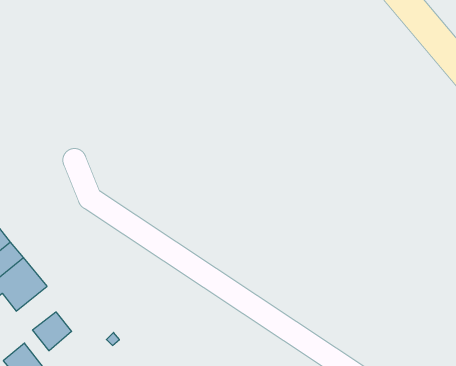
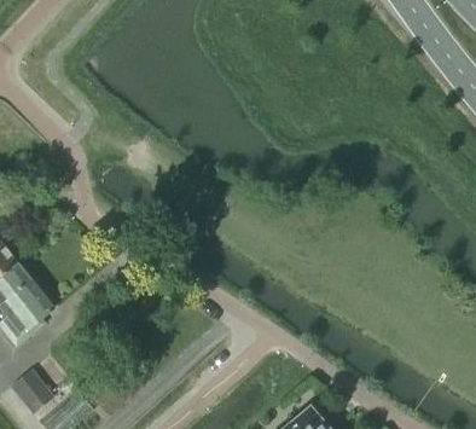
building: [33,312,72,351] -> none

